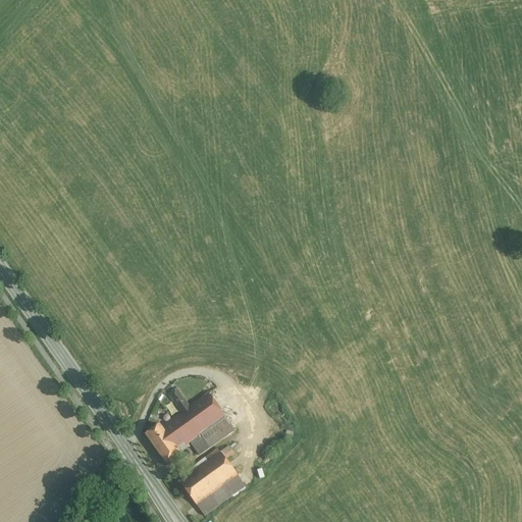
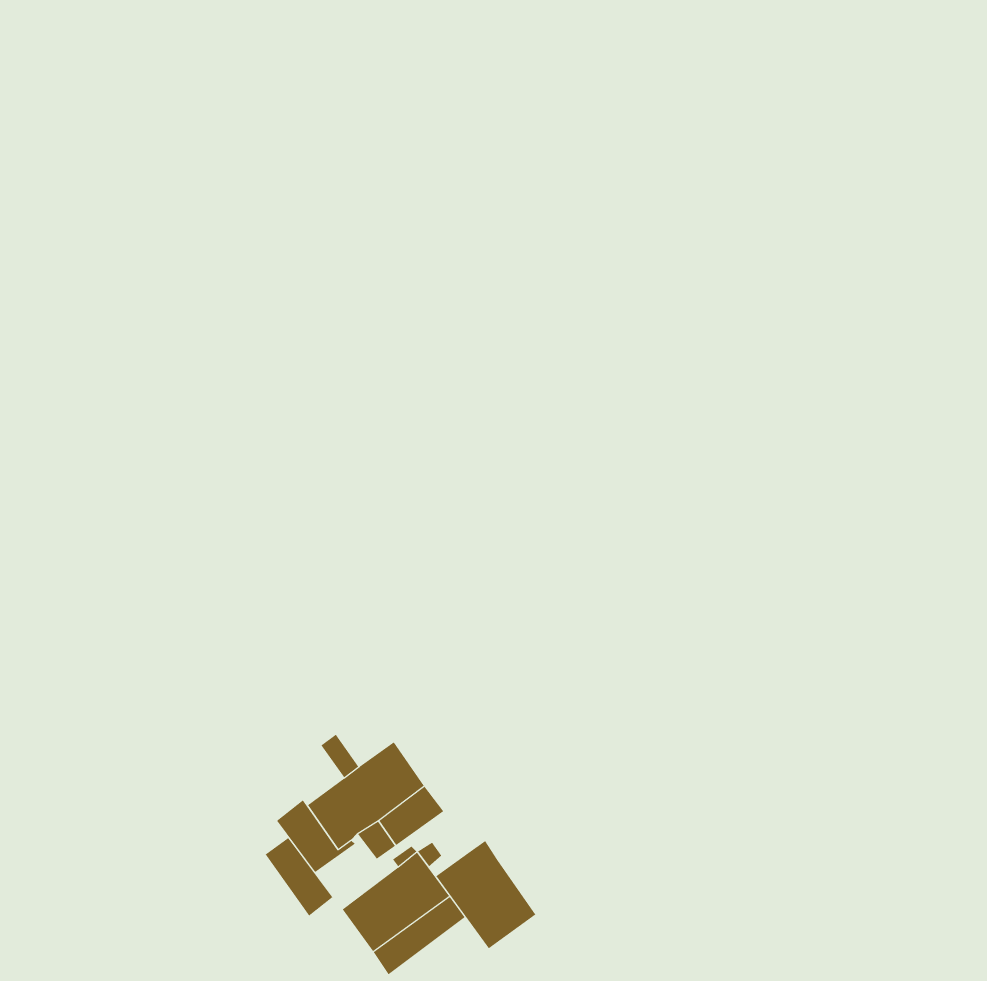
building: none -> [265,837,333,916]
building: none -> [435,840,536,949]

